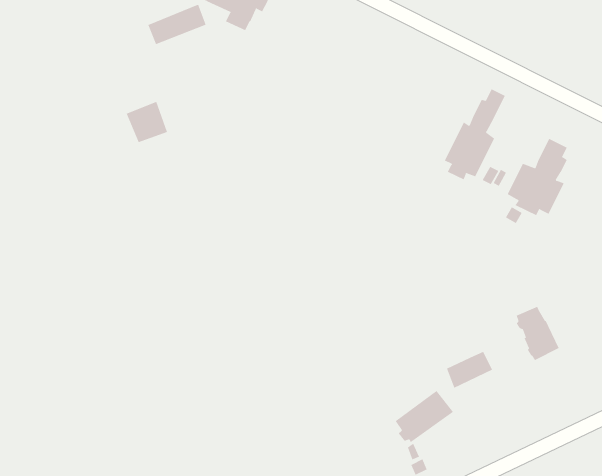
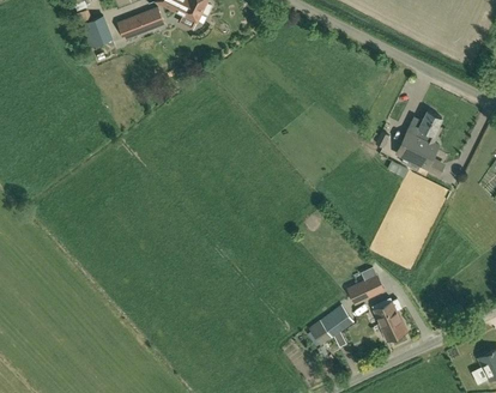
building: [444,88,506,180] -> none
building: [126,101,168,143] -> [79,14,111,47]
building: [516,306,559,361] -> [373,298,406,340]

